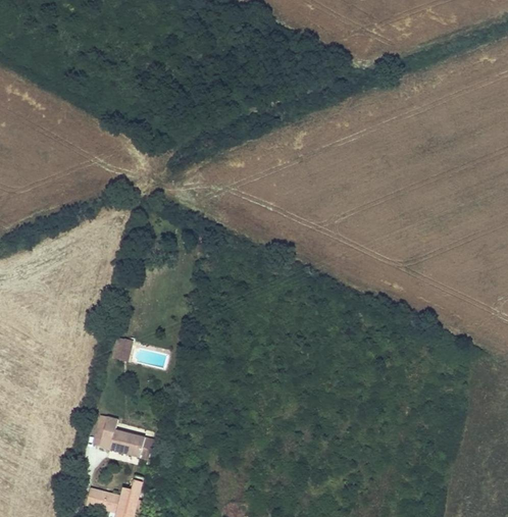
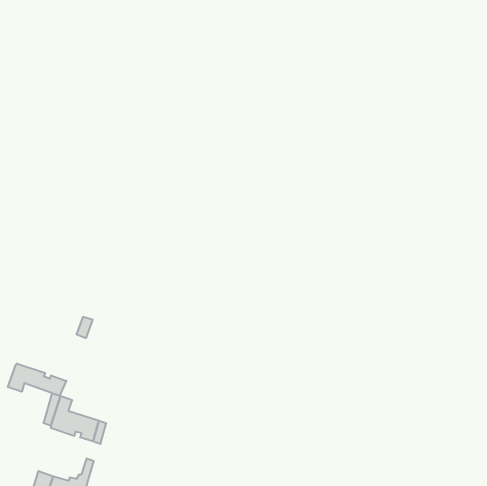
building: none -> [8,363,66,396]

